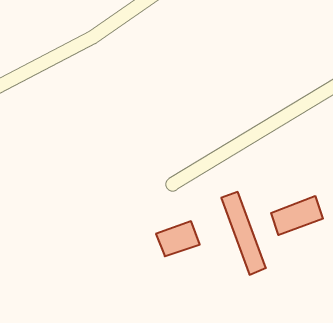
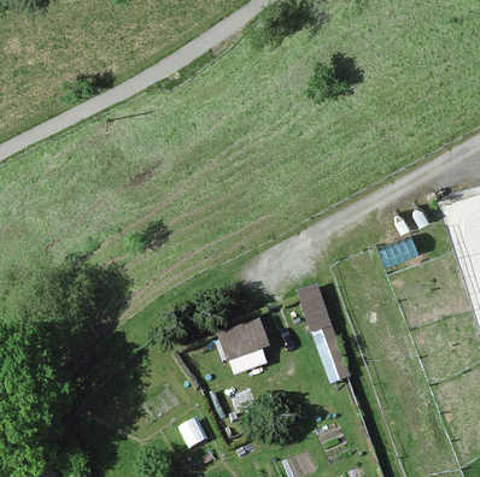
building: [271,196,323,235] -> none

